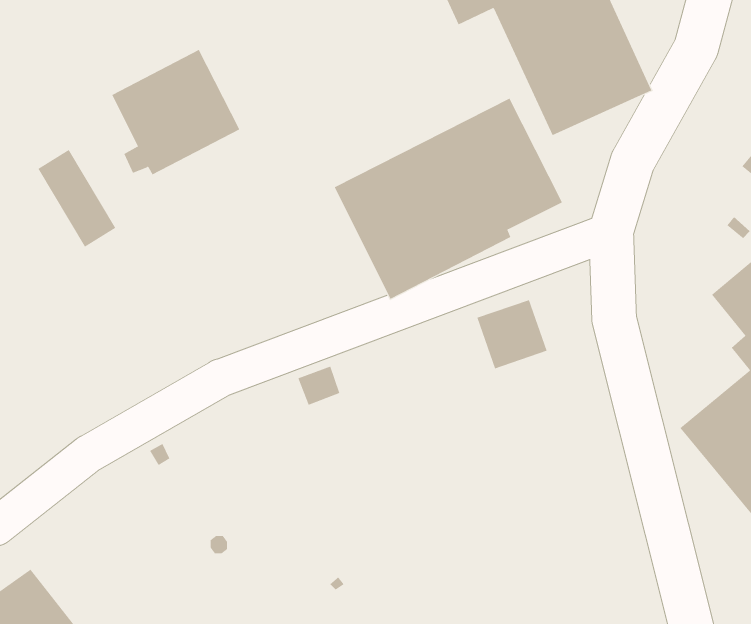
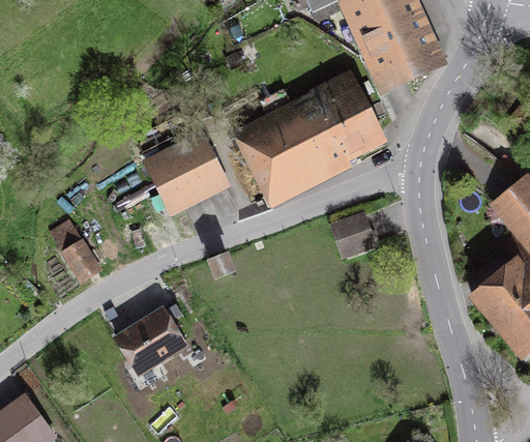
building: [111,49,240,175] -> [142,130,230,216]
building: [37,149,116,248] -> [49,216,102,284]
building: none -> [112,305,188,377]

